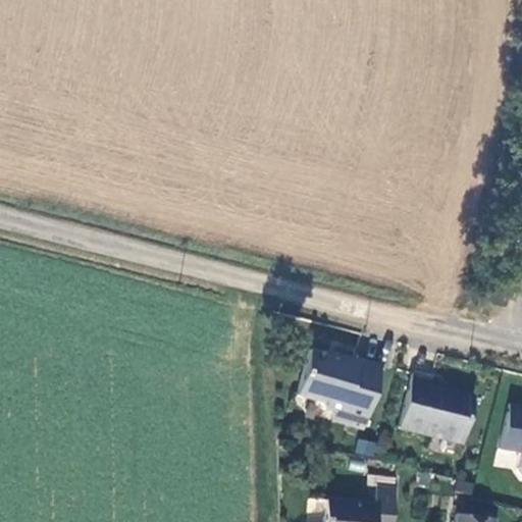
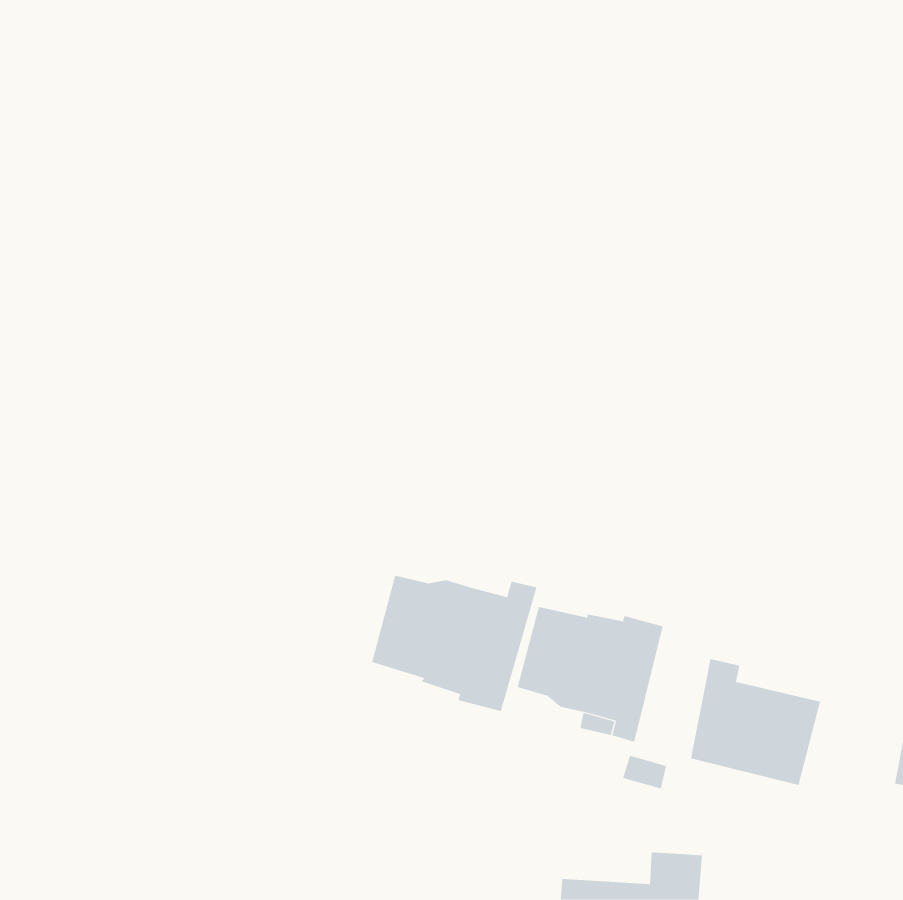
building: none -> [371,575,537,712]

